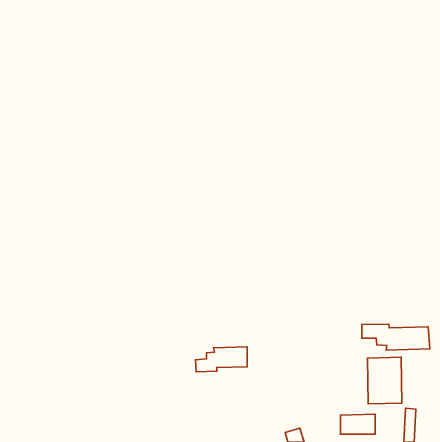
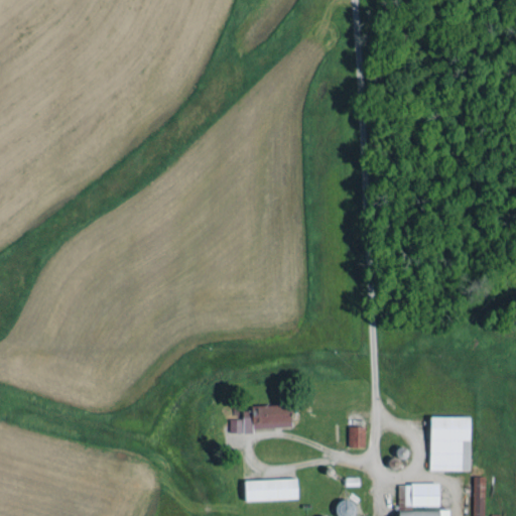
building: [362,324,430,350] -> none
building: none -> [349,426,367,447]
building: none -> [245,479,298,501]

